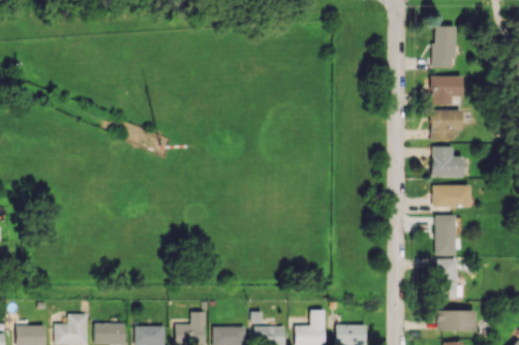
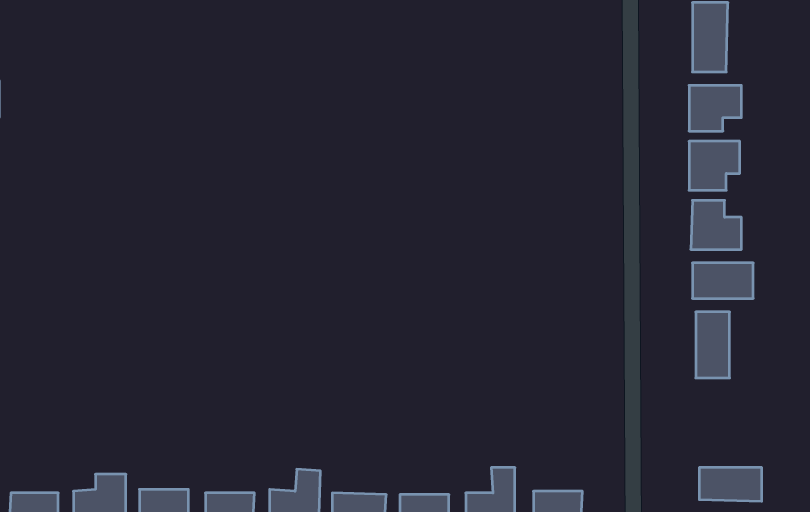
building: [435,258,458,300] -> none

